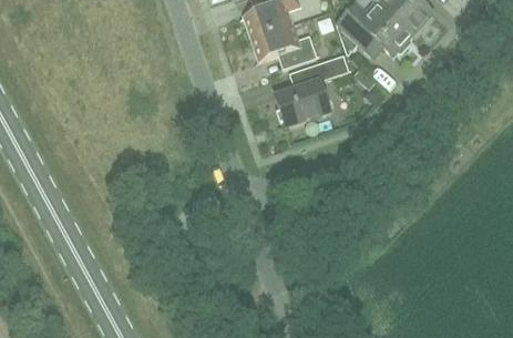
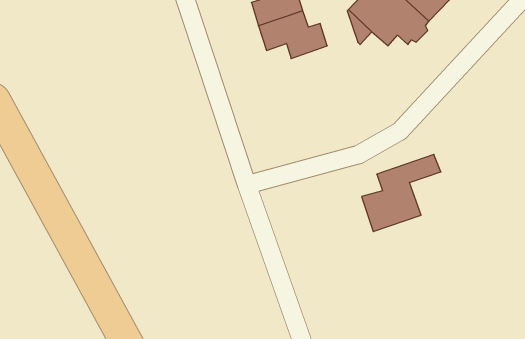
building: [274,54,349,127] -> [362,154,441,232]

